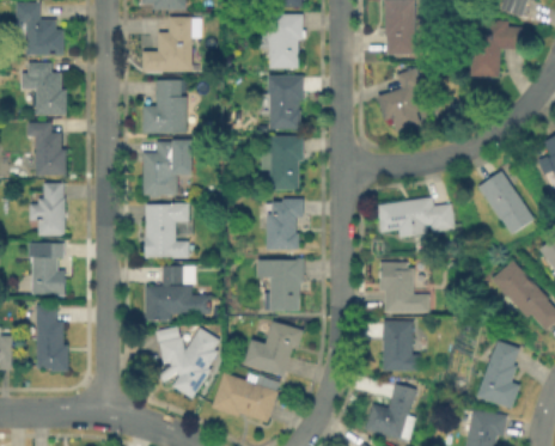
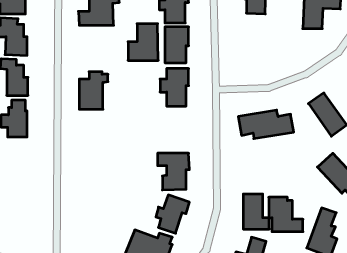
building: [374,66,427,135] -> none
building: [142,79,187,133] -> [128,24,158,60]
building: [266,197,303,250] -> none
building: [145,202,189,257] -> none
building: [31,240,65,295] -> none
building: [379,262,429,312] -> [269,197,303,232]
building: [144,264,212,322] -> none
building: [37,304,68,372] -> none
building: [155,326,220,401] -> none

